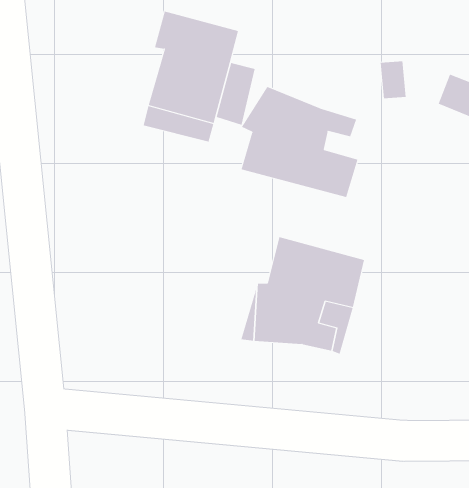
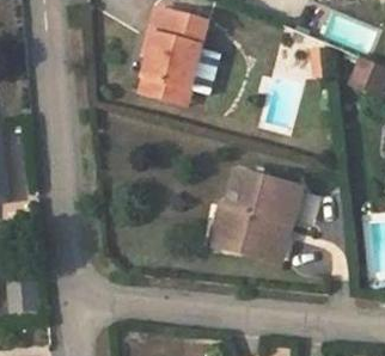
building: [241,86,358,198] -> none

